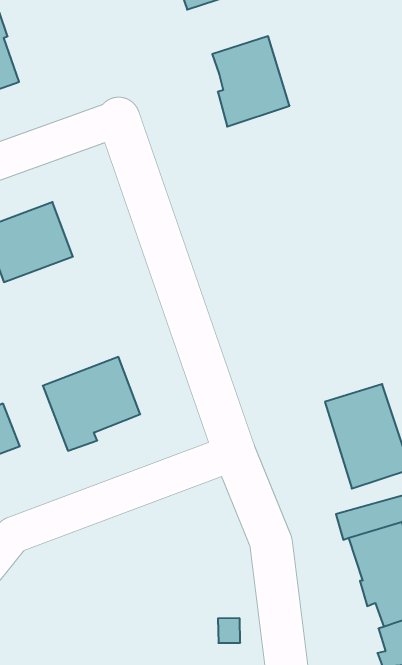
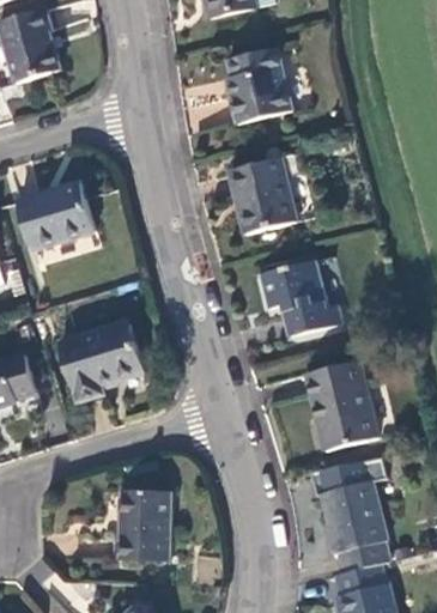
building: none -> [231,159,297,235]
building: none -> [261,263,342,339]
building: none -> [119,488,171,559]

